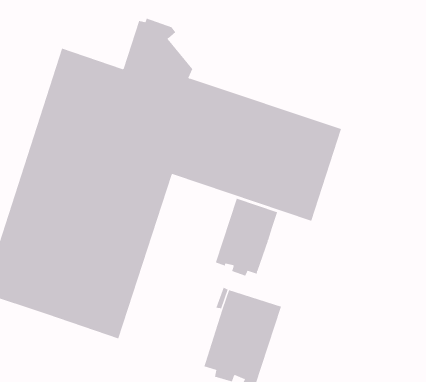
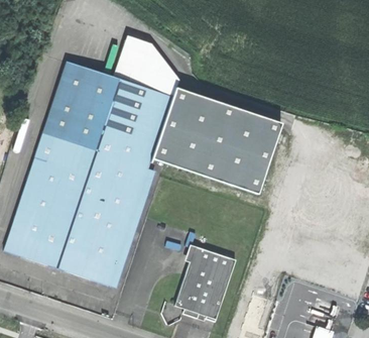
building: [215,198,278,277] -> none

